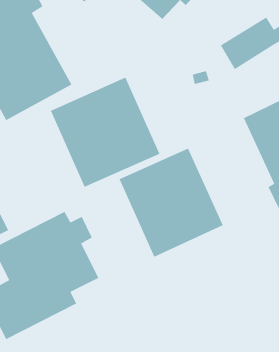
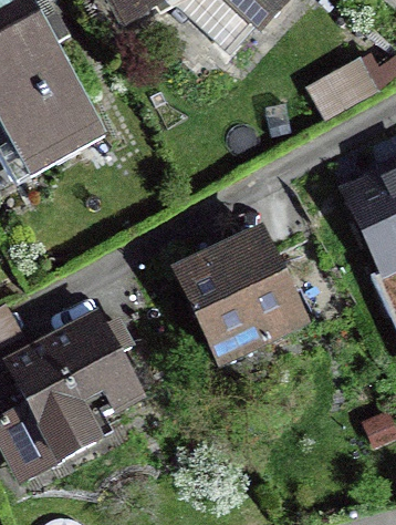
building: [50,76,161,188] -> none

